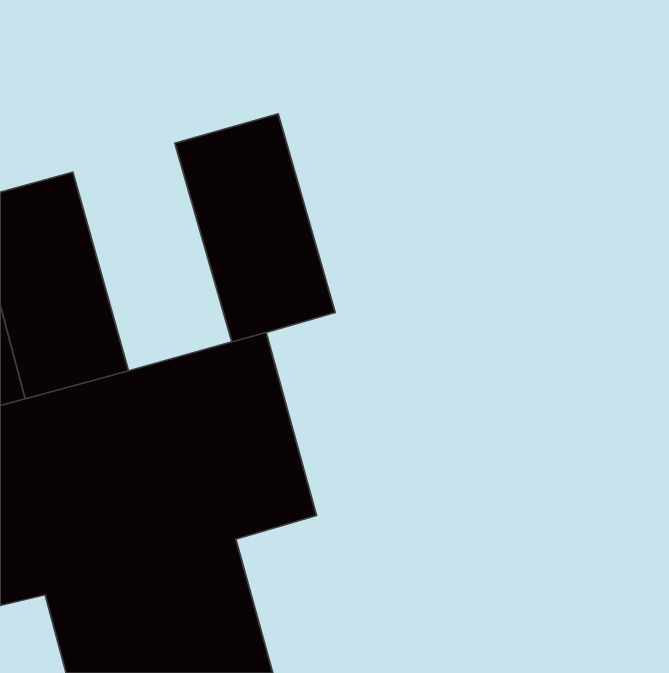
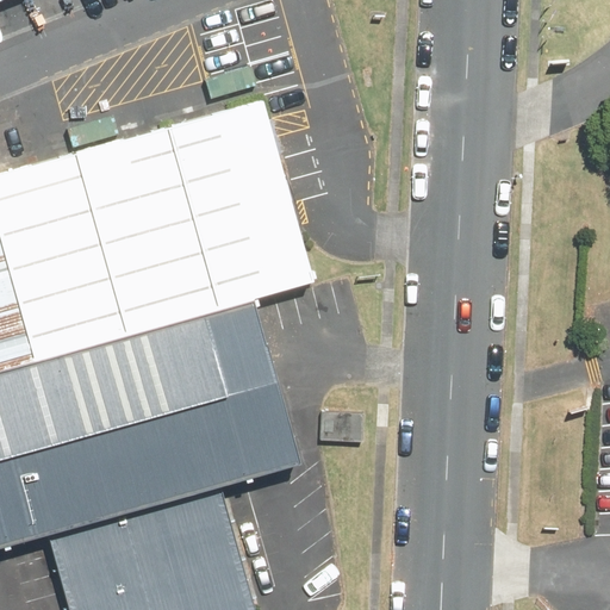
building: none -> [73,129,216,334]

